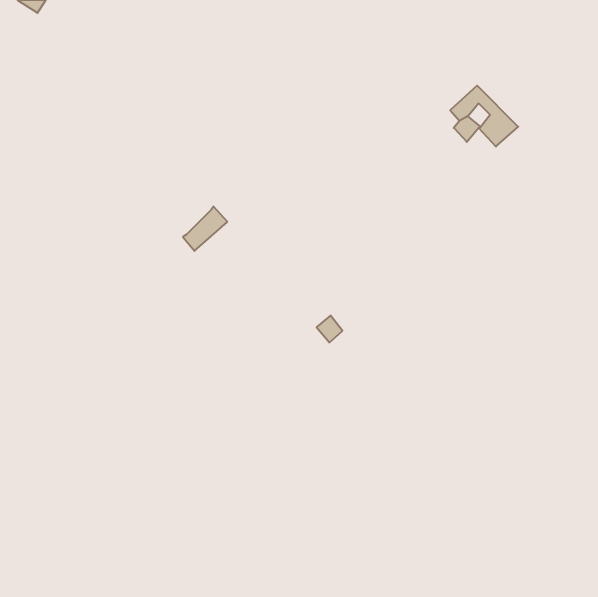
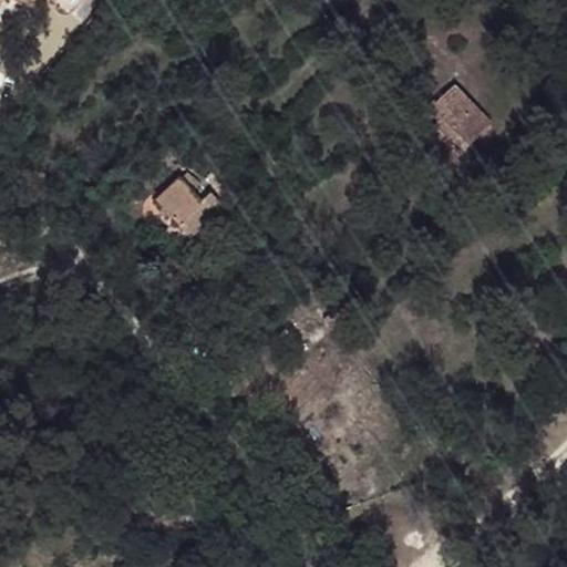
building: none -> [153,178,199,224]

